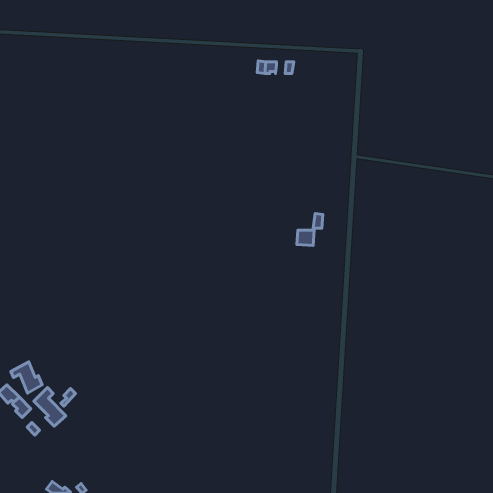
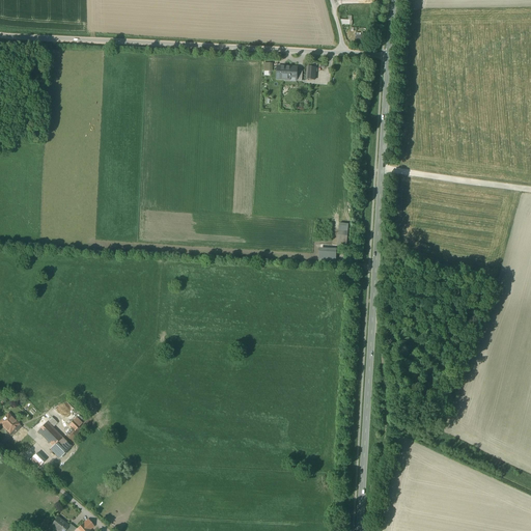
building: [11,362,42,393] -> none

